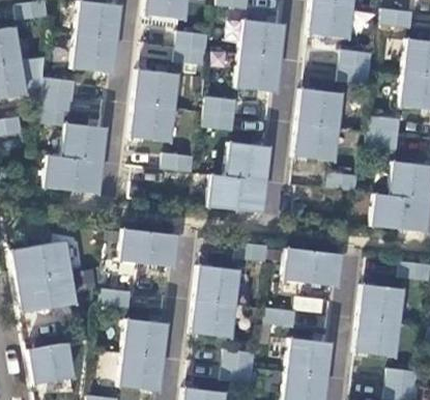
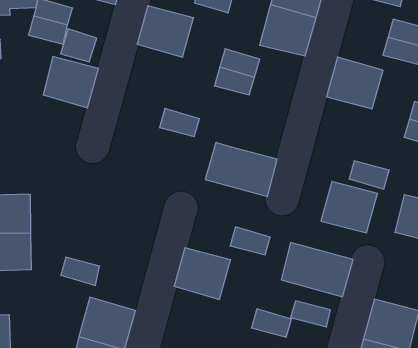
building: [131,103,174,141] -> none
building: [294,122,338,161] -> [321,181,378,233]
building: [226,142,269,180] -> none
building: [45,154,102,194] -> none
building: [120,229,177,266] -> none
building: [192,298,235,337] -> none

